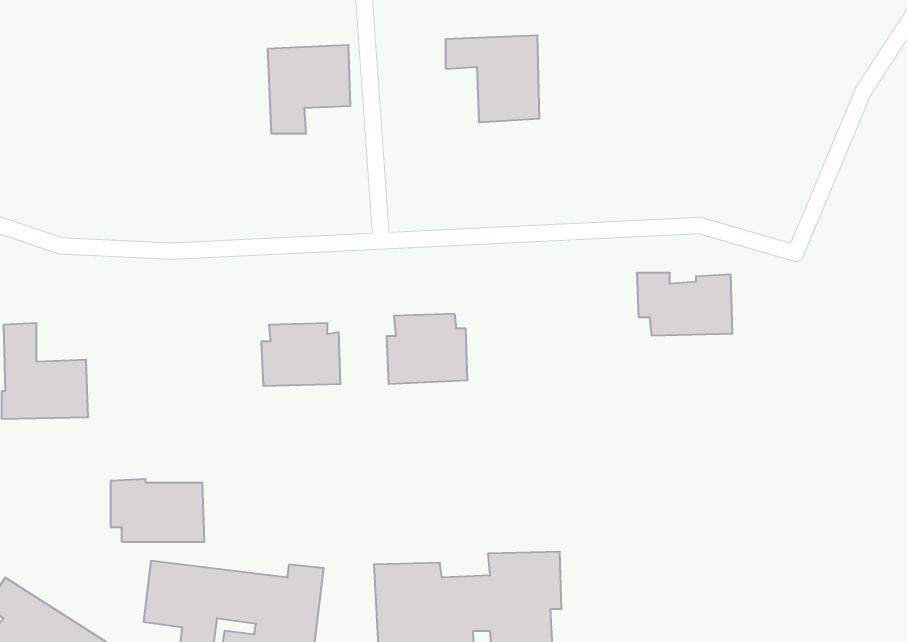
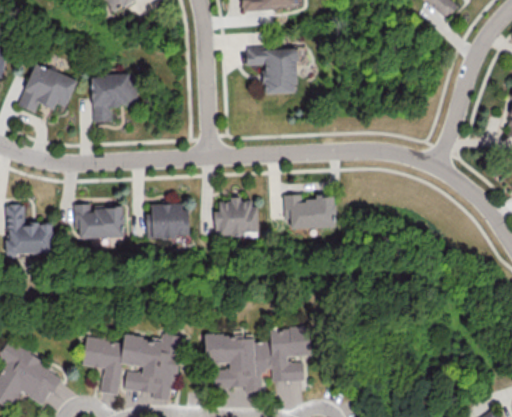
building: [268,45,350,134] -> [91,73,136,121]
building: none -> [18,63,76,112]
building: [637,273,733,335] -> [283,194,335,228]
building: [111,479,204,542] -> [73,203,124,237]

